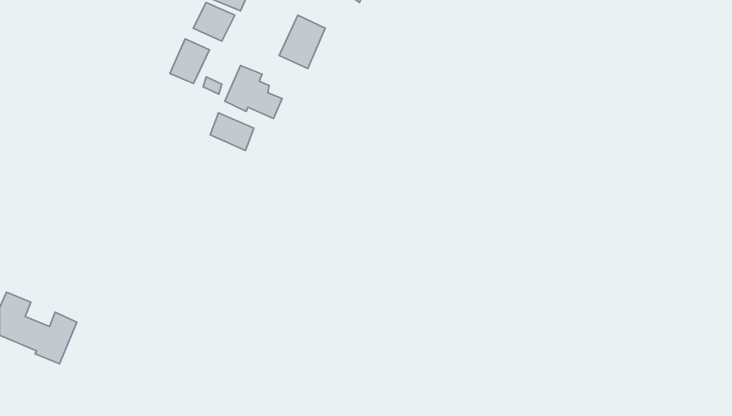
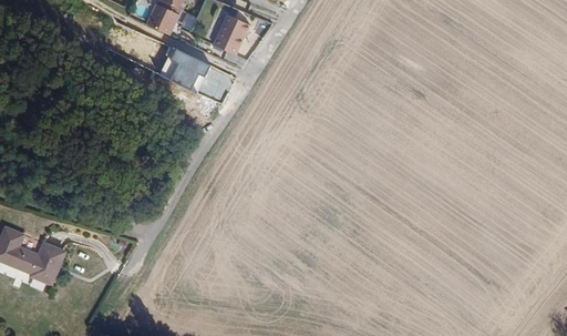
building: [170,39,210,84] -> none
building: [210,113,254,150] -> none

